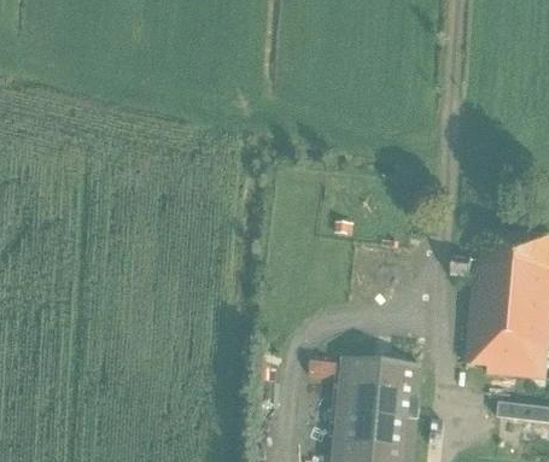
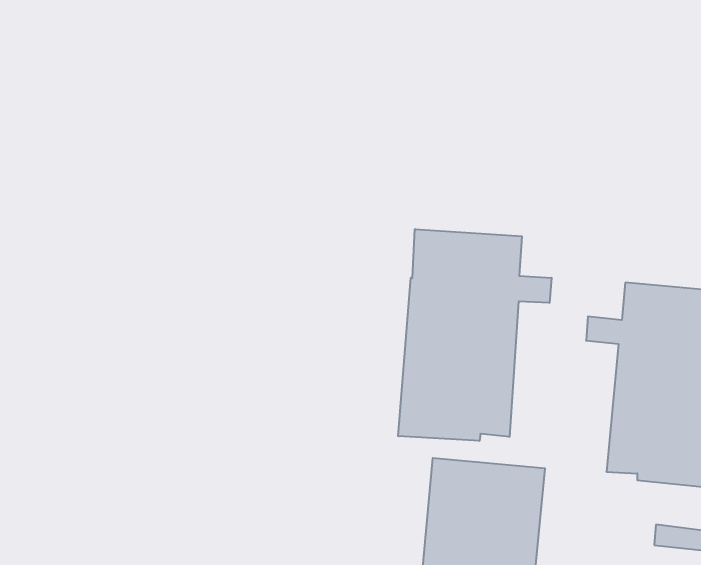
building: none -> [398,229,552,441]

